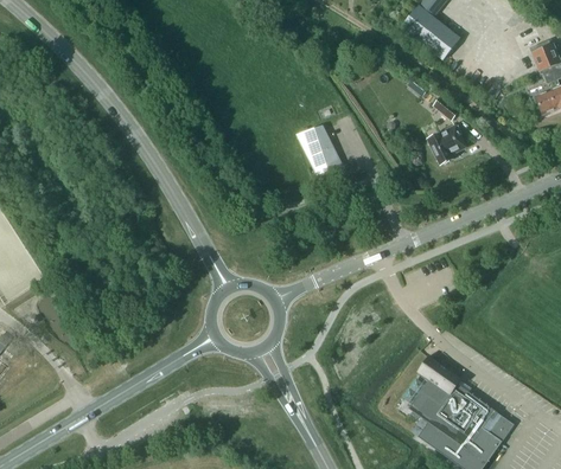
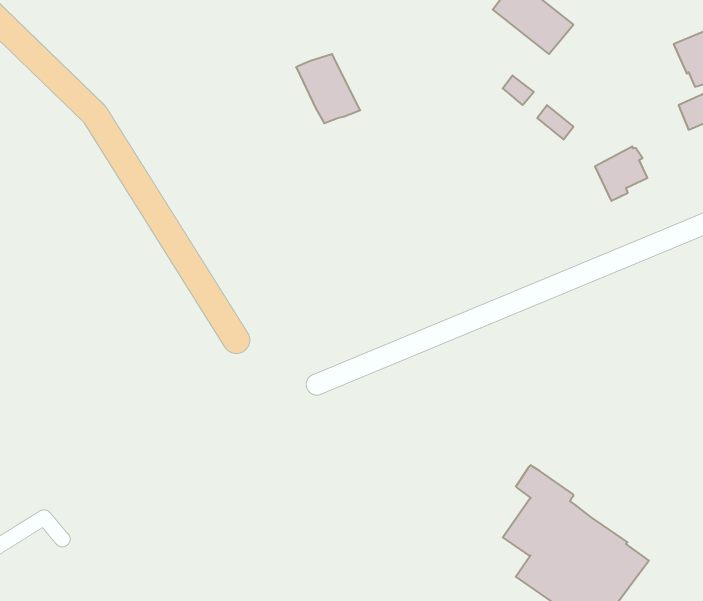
building: [297,124,343,174] -> [296,54,360,123]
building: [428,124,466,163] -> [595,147,647,201]

